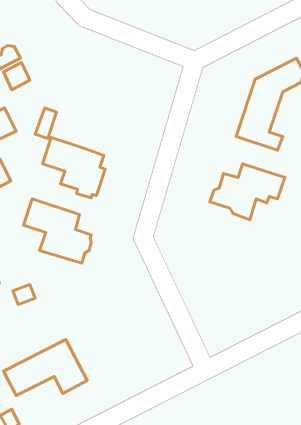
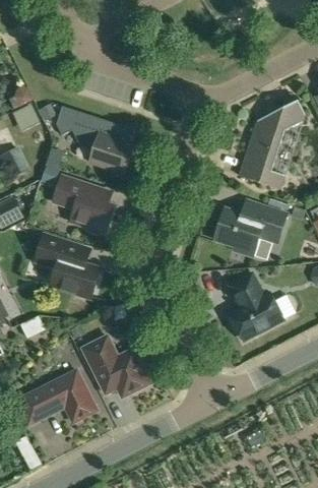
building: none -> [56,106,133,173]
building: none -> [229,272,296,340]
building: none -> [82,336,151,396]

